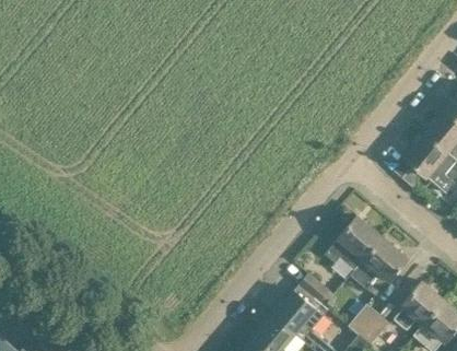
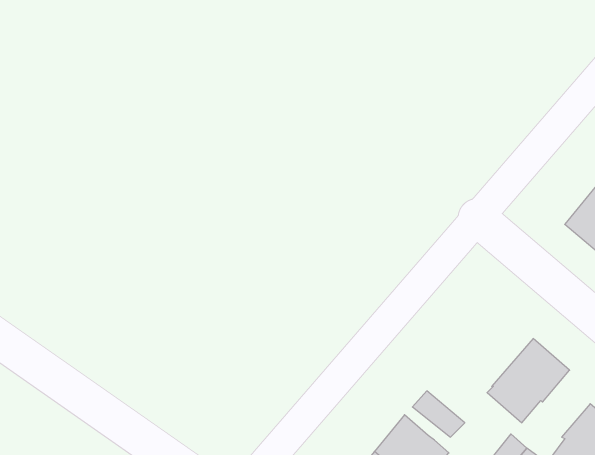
building: [326,215,383,270] -> none

